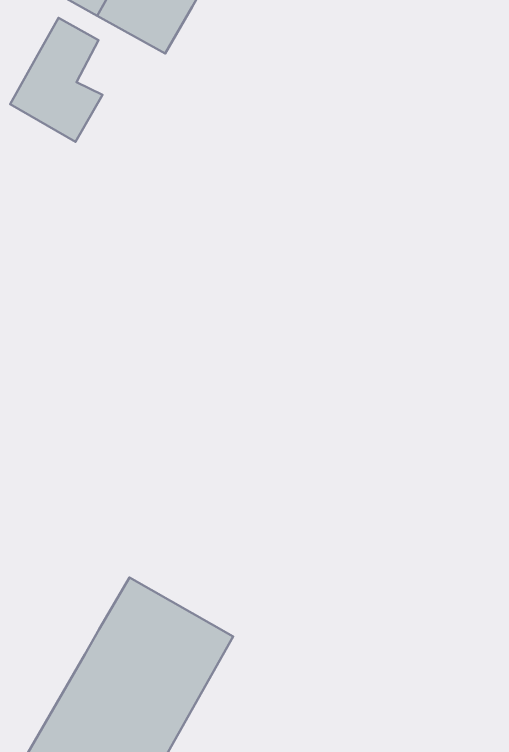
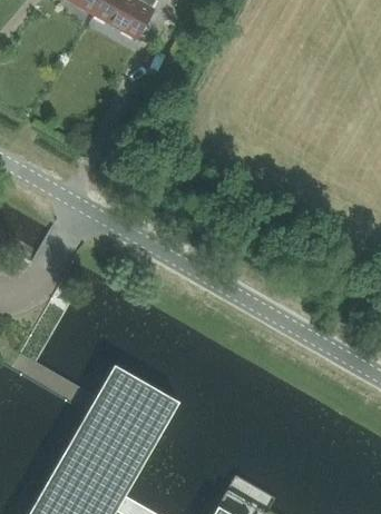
building: [10,18,103,142] -> none

